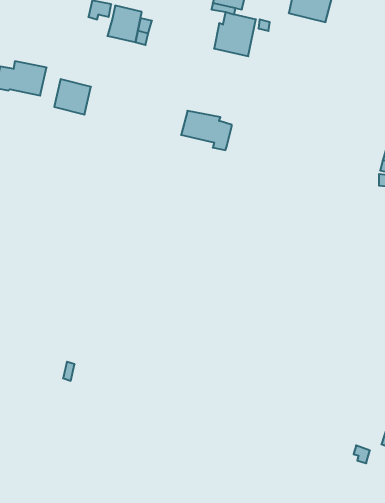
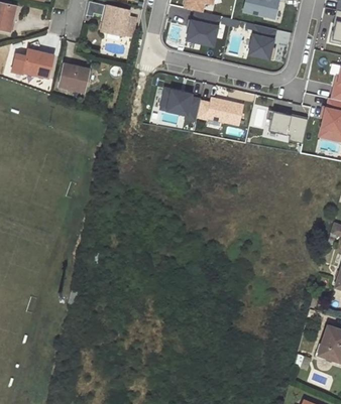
building: none -> [248,24,275,59]
building: none -> [196,98,242,125]
building: none -> [265,110,307,144]

